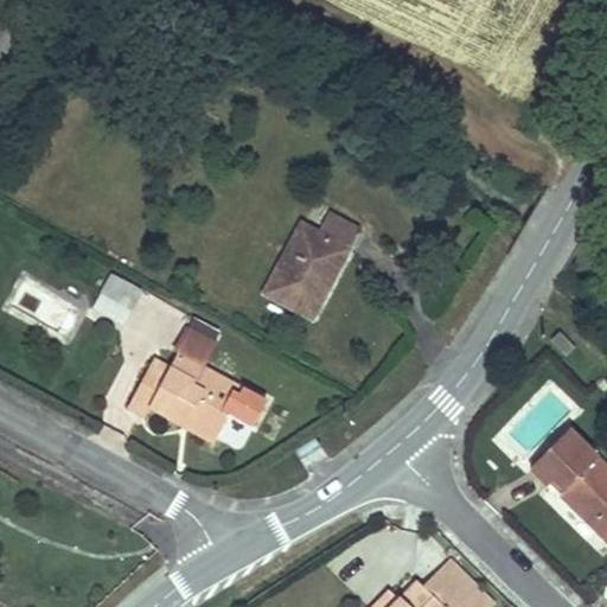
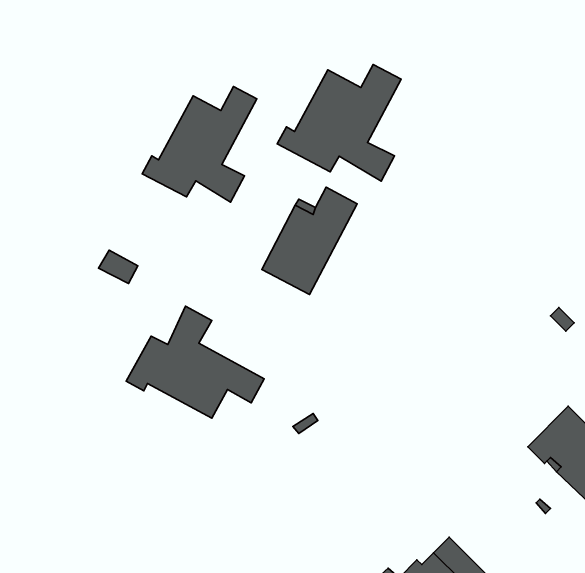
building: none -> [277,65,401,181]
building: none -> [142,87,257,202]

